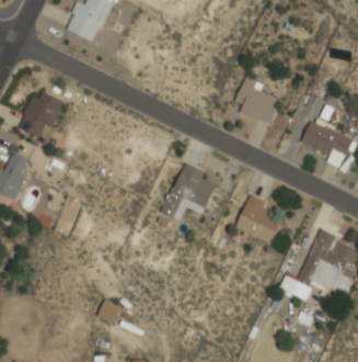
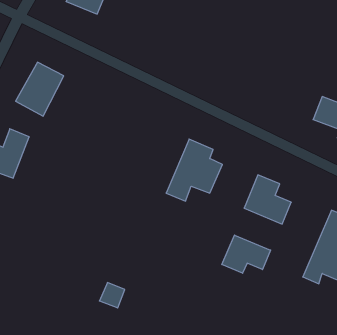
building: [234,76,281,126] -> none
building: none -> [222,235,271,273]

